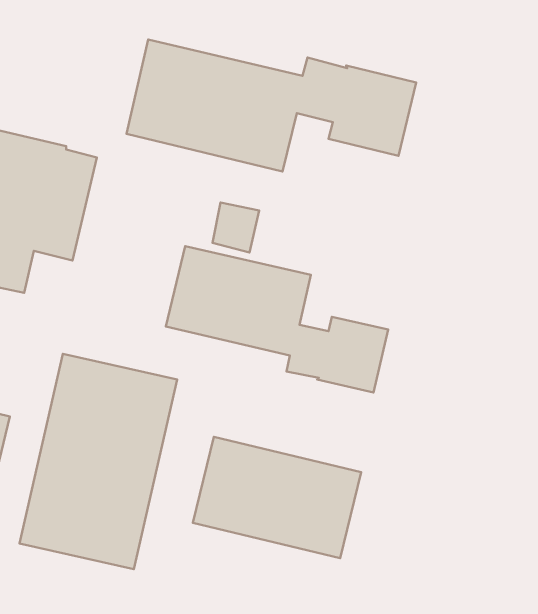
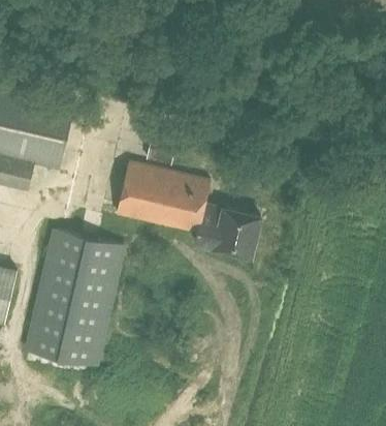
building: [126,39,416,171] -> none
building: [193,437,361,558] -> none

